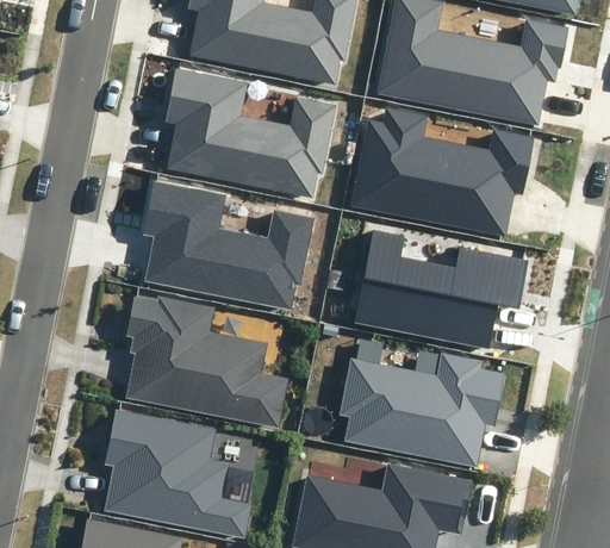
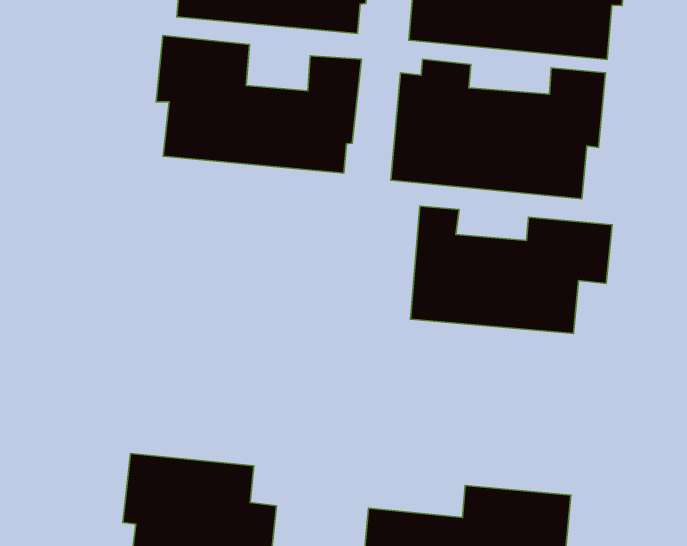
building: [143,181,313,309] -> none
building: [124,295,287,429] -> none
building: [338,354,504,467] -> none

